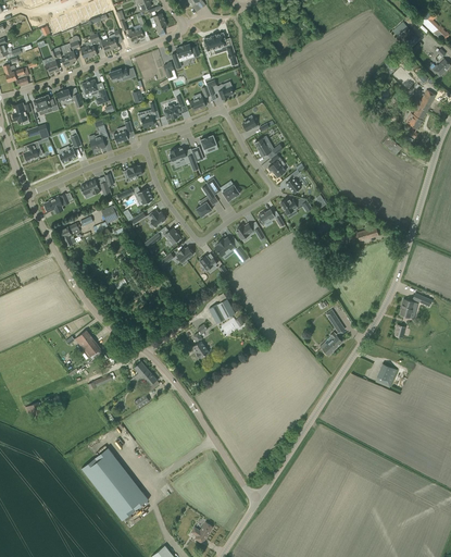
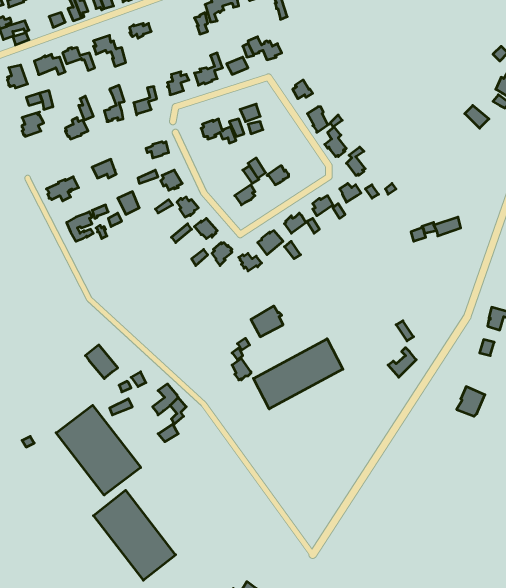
building: none -> [253,339,343,409]
building: none -> [56,405,141,495]

